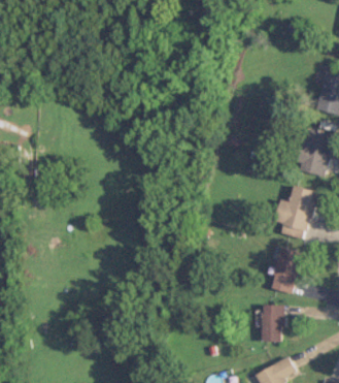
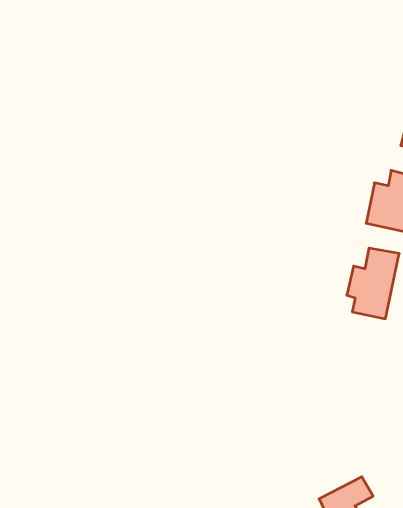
building: [269,247,300,292] -> none
building: [261,304,281,342] -> none

